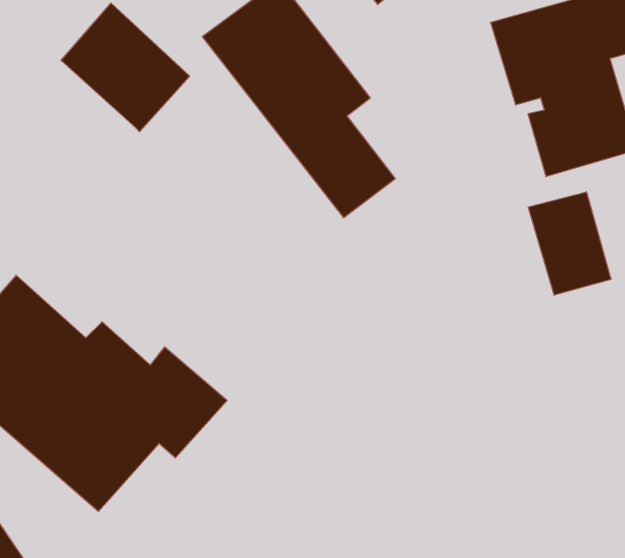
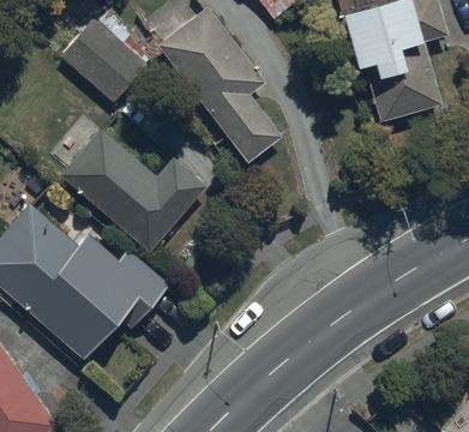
building: none -> [59,126,206,251]
building: [528,192,611,295] -> none

